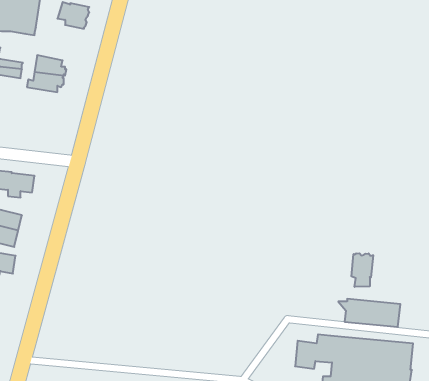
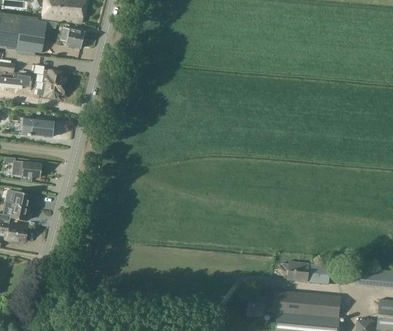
building: none -> [21,116,54,137]
building: [351,253,373,287] -> none

